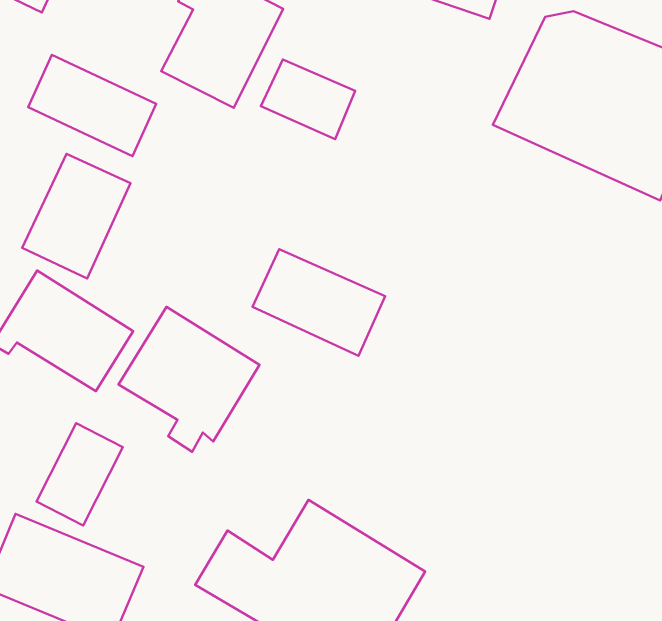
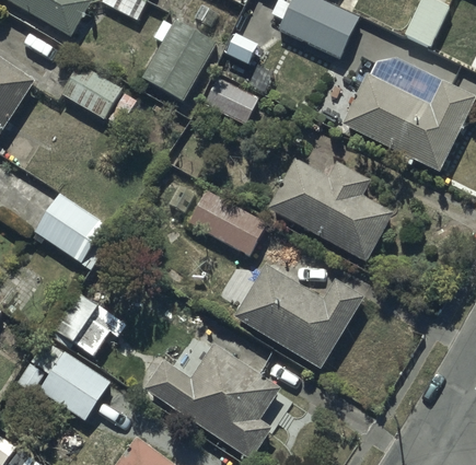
building: [22,154,131,278] -> none
building: none -> [268,160,396,266]
building: [118,307,260,452] -> none
building: none -> [233,263,368,370]

